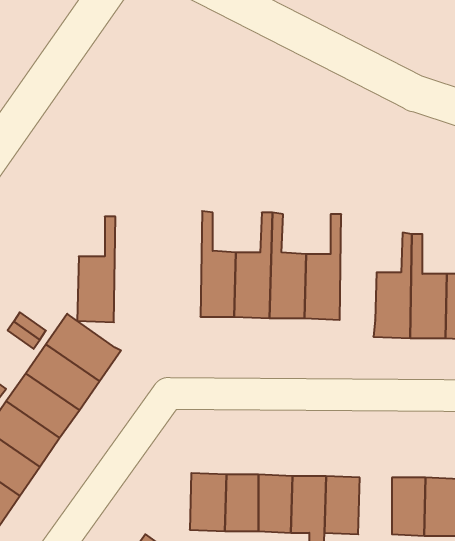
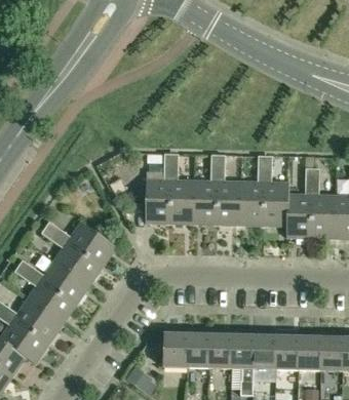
building: none -> [263,155,288,226]
building: [77,217,115,322] -> [145,153,170,224]
building: none -> [275,331,298,369]

